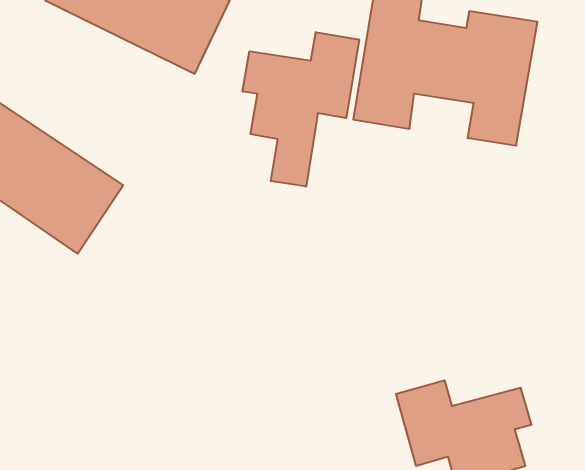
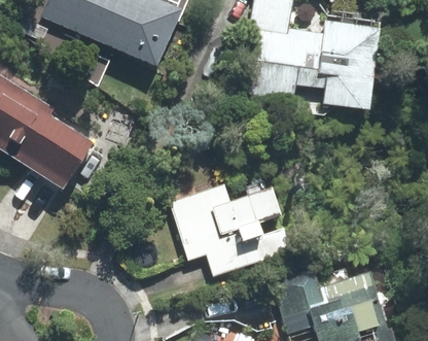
building: [243,32,359,187] -> none
building: none -> [175,185,256,270]

